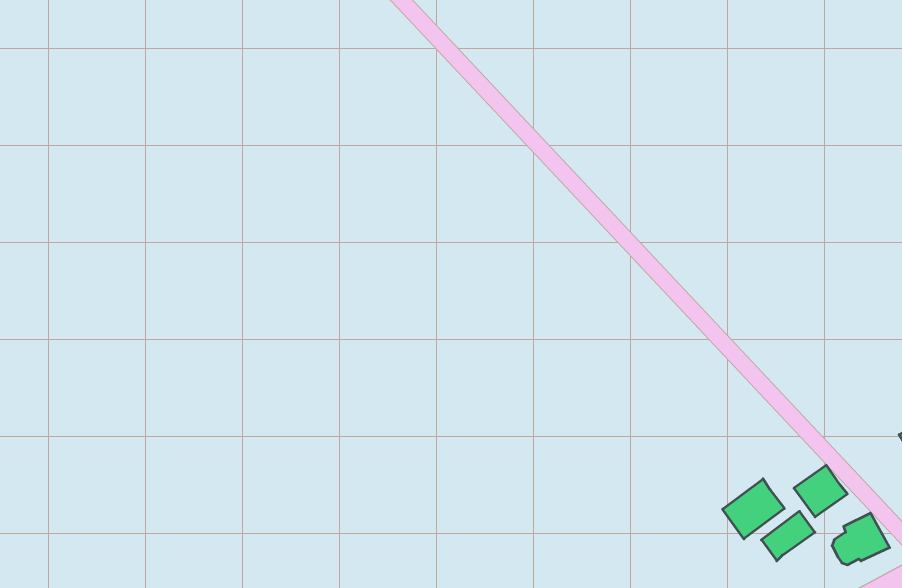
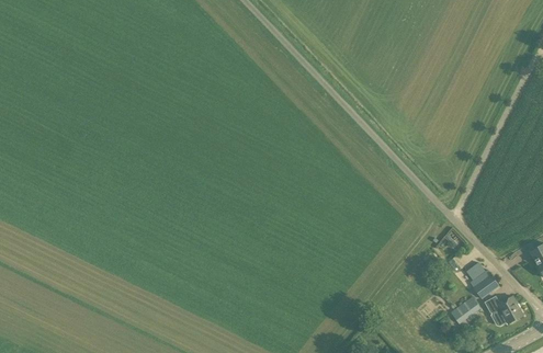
building: [723,479,784,539] -> none

